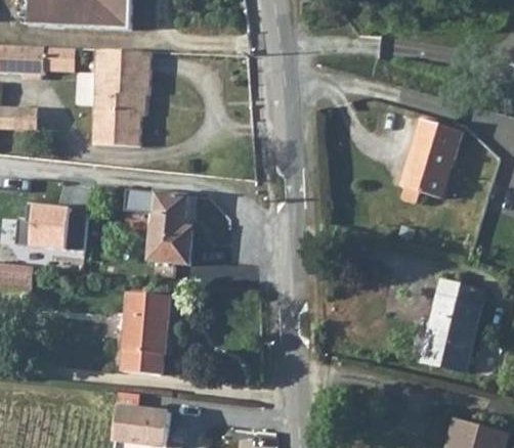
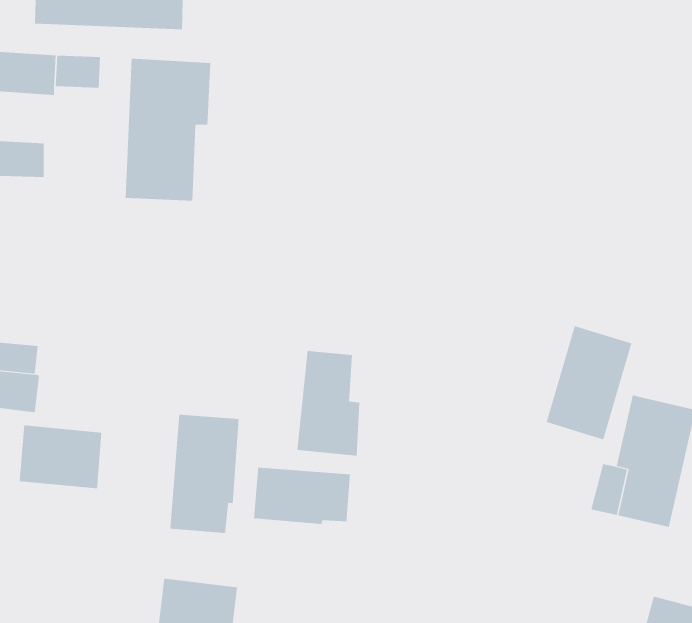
building: [398,119,458,197] -> [546,325,632,440]
building: [146,191,190,264] -> [296,350,360,456]
building: [30,205,87,249] -> [19,425,102,489]
building: none -> [254,467,350,525]

